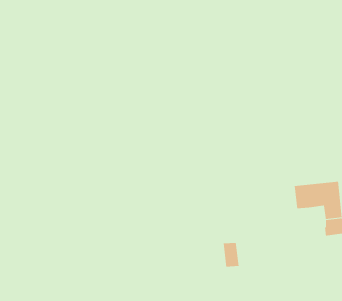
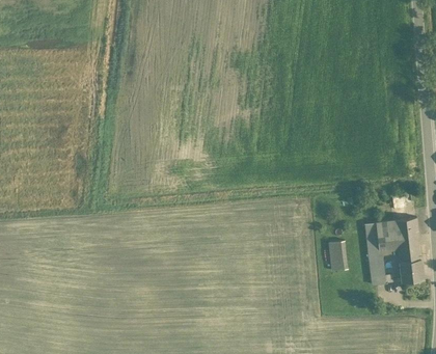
building: none -> [369,248,387,283]
building: [223,242,239,267] -> [328,242,347,270]

